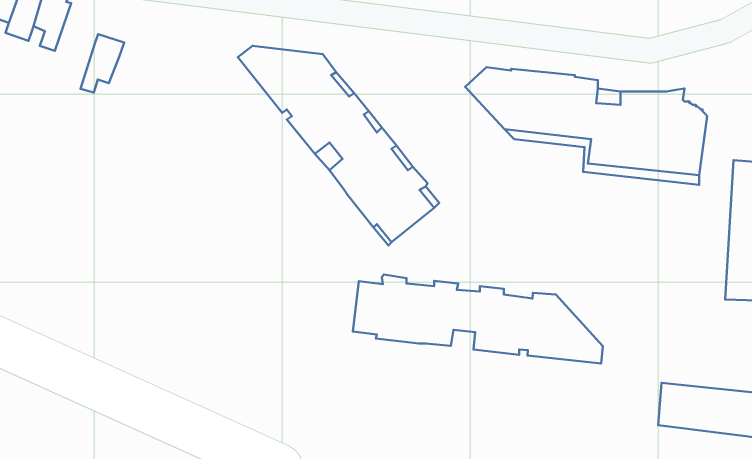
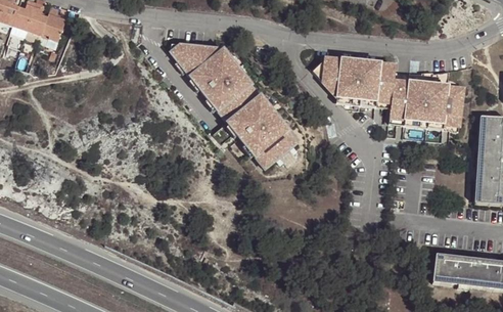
building: [80,34,124,93] -> none
building: [353,274,603,363] -> none

